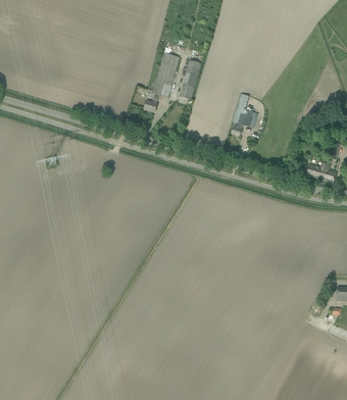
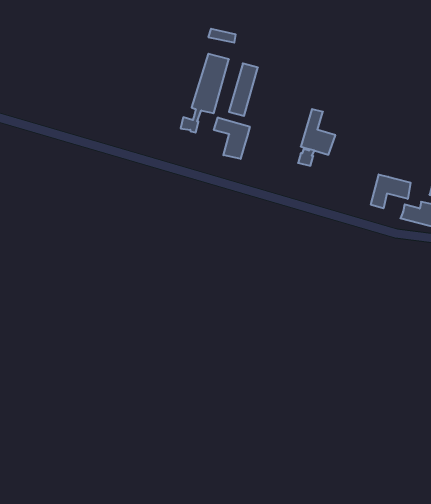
building: none -> [214,117,250,159]
building: none -> [371,174,411,208]

